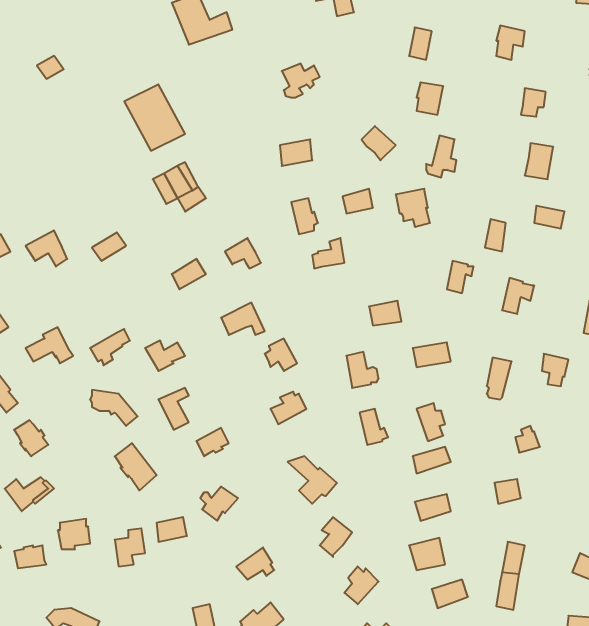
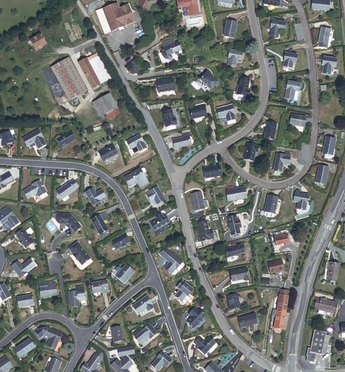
building: none -> [47,55,81,97]

